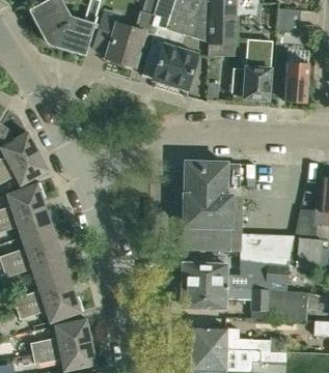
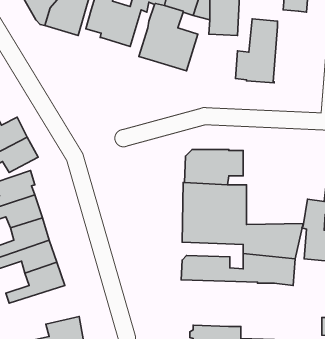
building: [273,62,308,104] -> none
building: [182,285,310,320] -> none
building: [21,290,83,321] -> none

